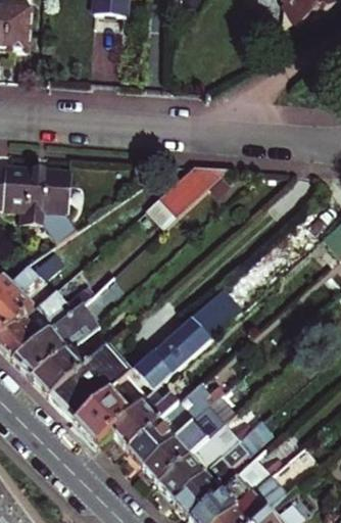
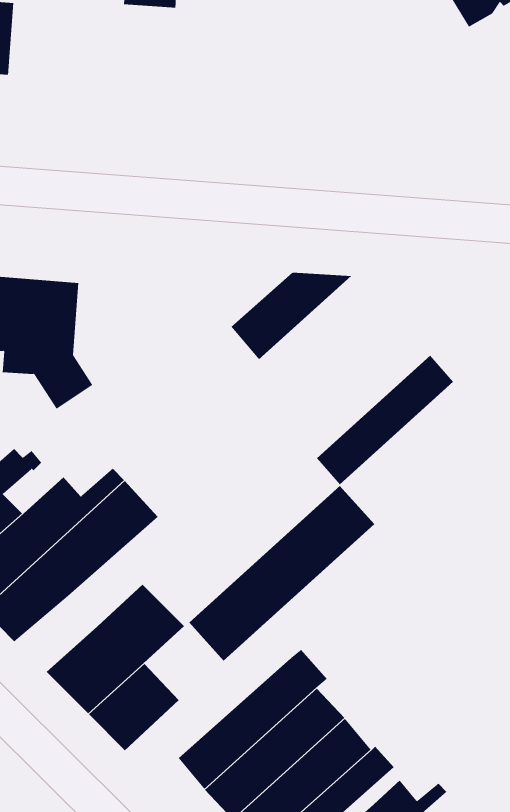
building: none -> [316,355,454,485]
building: [32,351,80,395] -> none
building: [110,369,192,445] -> none

